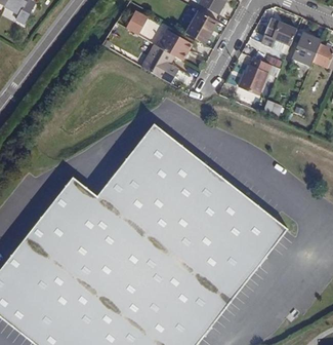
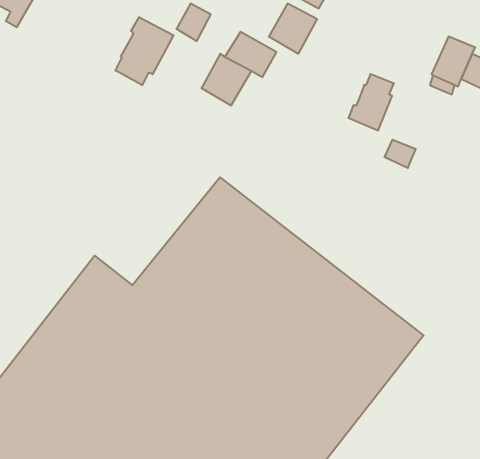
building: [261,18,296,50] -> none
building: none -> [115,17,174,85]

